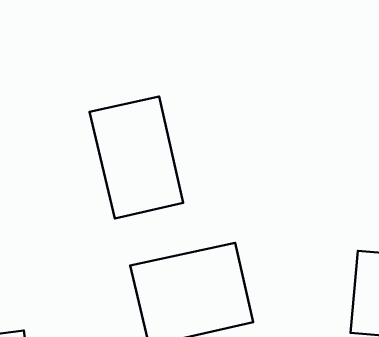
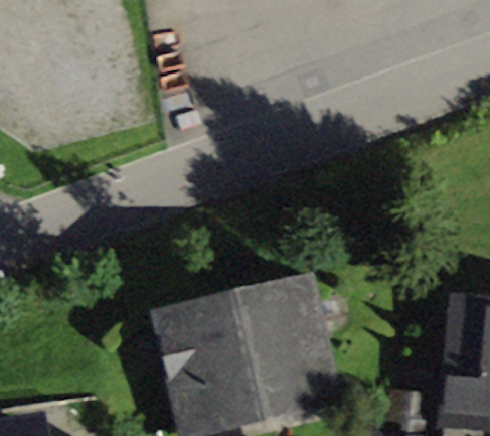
building: [90,96,183,219] -> none

